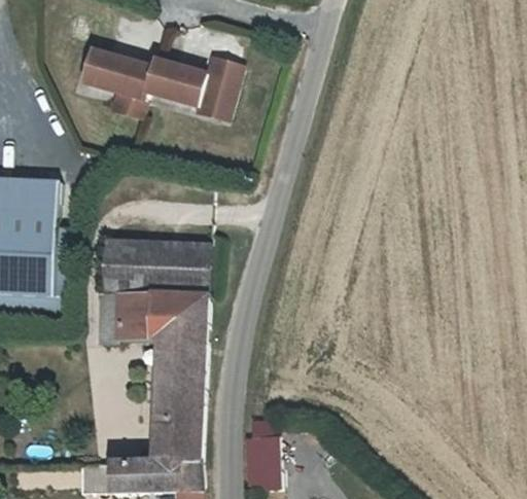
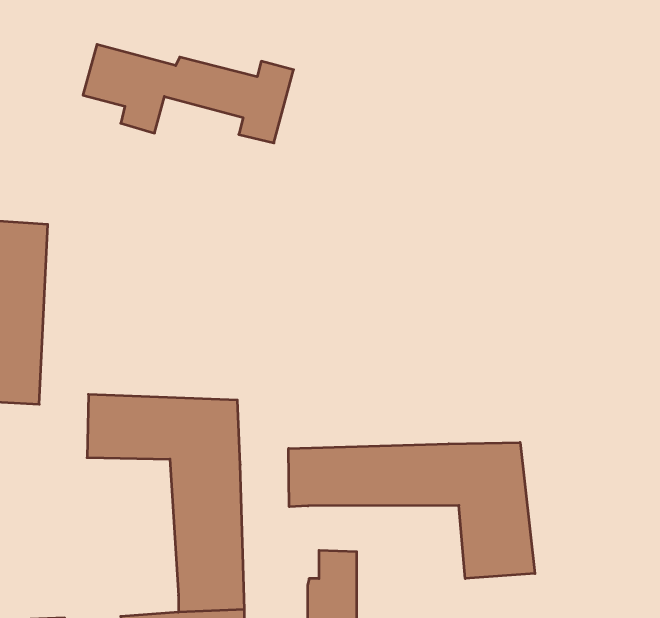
building: [90,249,199,307] -> none
building: none -> [289,442,535,579]

